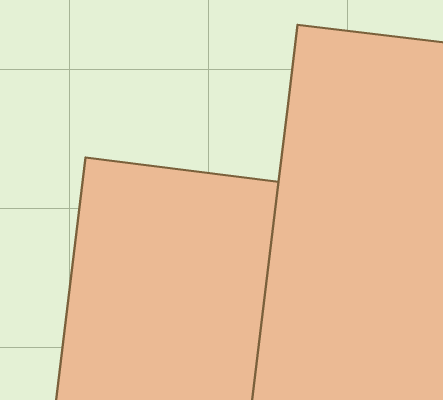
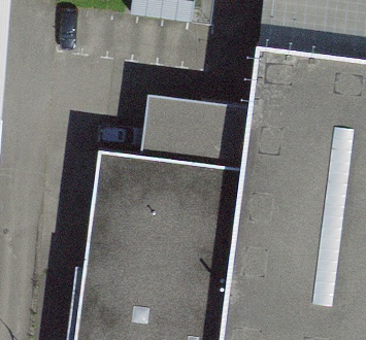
building: none -> [136,97,242,169]

